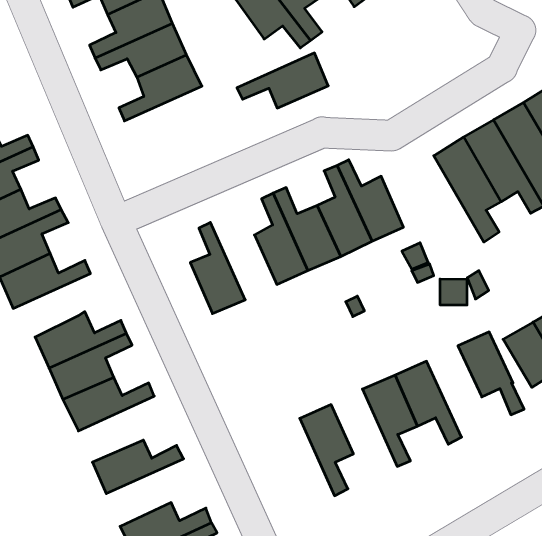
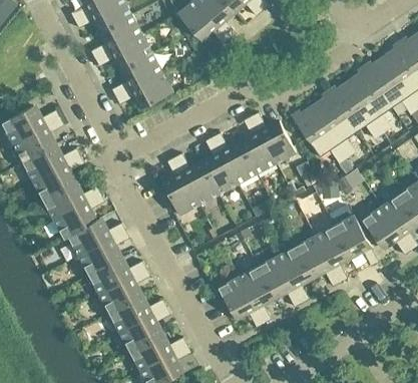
building: [237,53,328,108] -> [114,71,171,107]
building: none -> [292,105,345,162]
building: none -> [172,152,217,204]
building: none -> [52,194,103,238]
building: none -> [314,224,350,281]
building: none -> [256,255,300,306]
building: none -> [98,268,148,312]
building: none -> [217,276,262,326]
building: none -> [118,306,168,351]

